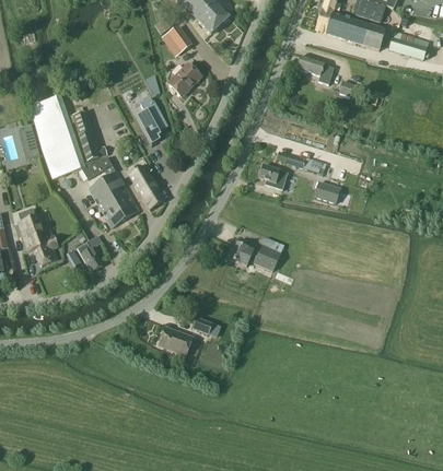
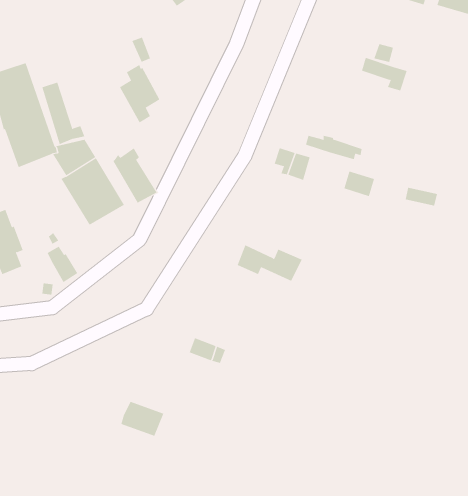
building: [296,56,334,83] -> [361,57,408,91]
building: [167,62,201,95] -> none
building: [158,326,193,354] -> [121,401,164,437]

